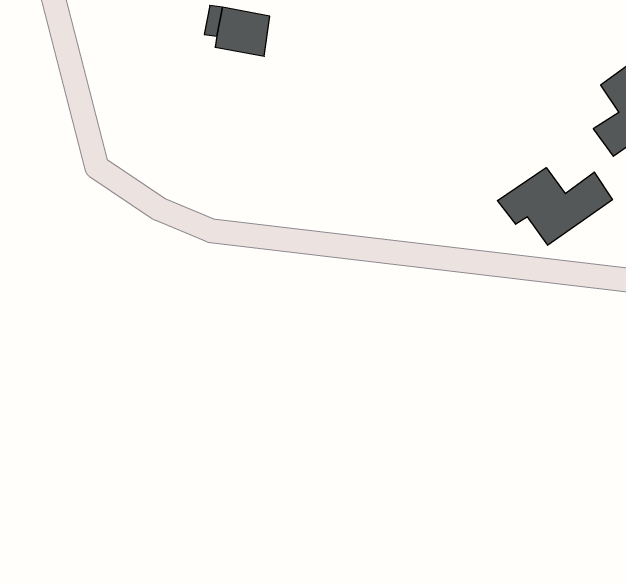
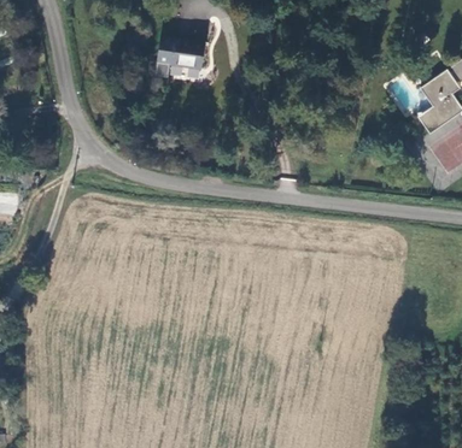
building: [497,168,612,245] -> none

